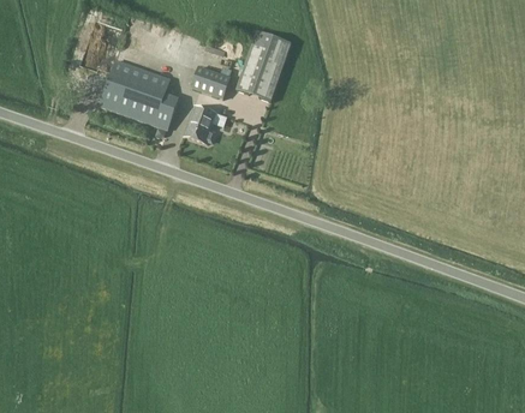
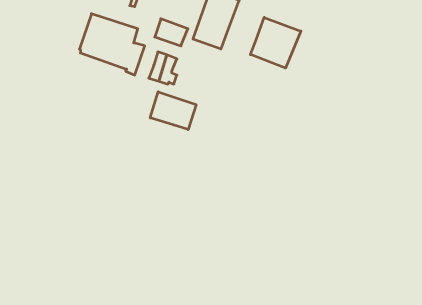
building: none -> [250,17,301,68]
building: none -> [150,92,196,130]

